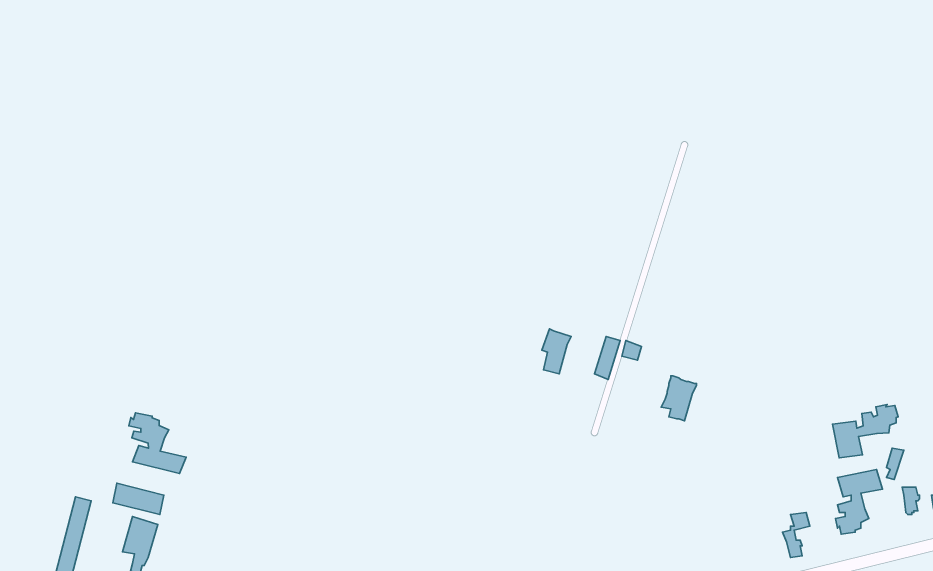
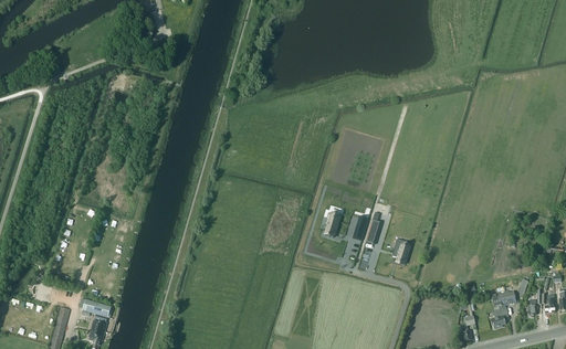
building: [833,405,898,458] -> none
building: [129,413,186,473] -> none

